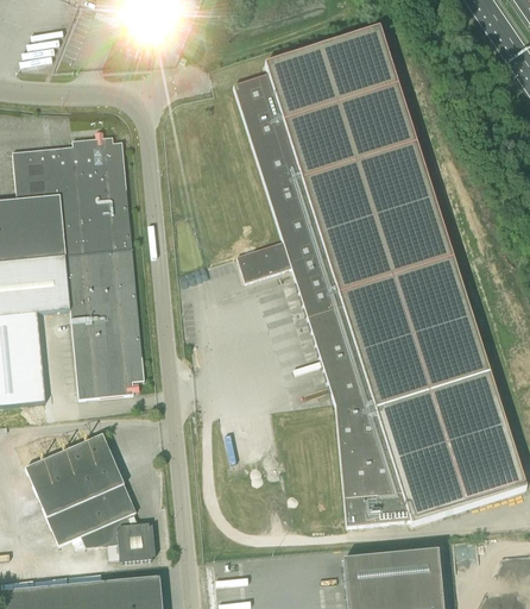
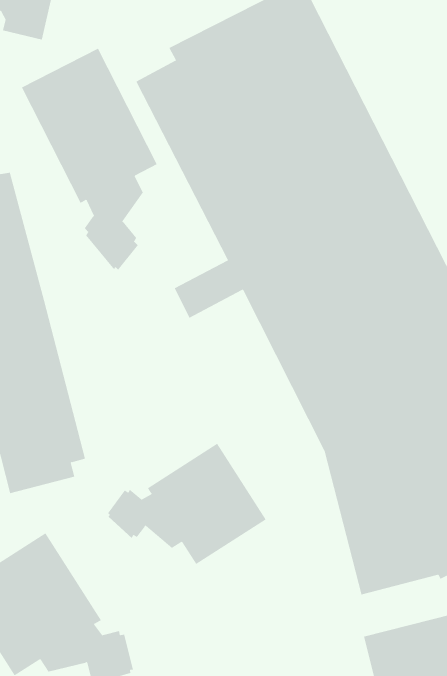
building: none -> [21,48,158,270]
building: none -> [107,443,267,565]

